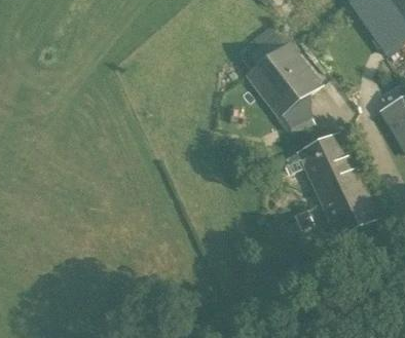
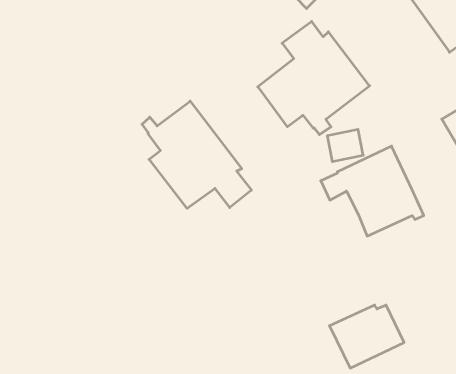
building: none -> [142,101,251,208]
building: [322,185,381,235] -> [329,305,404,368]

